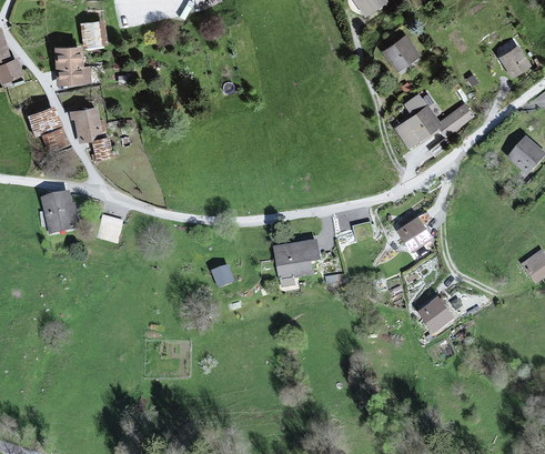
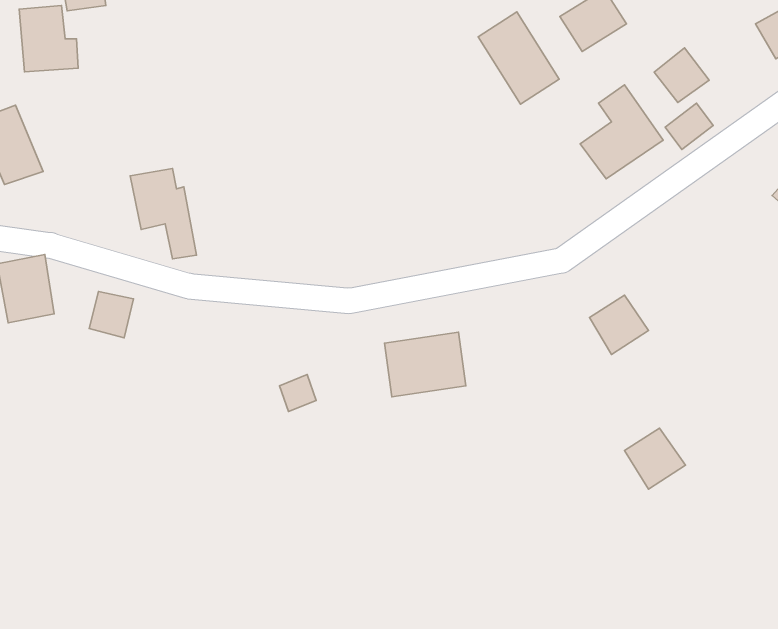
building: none -> [478,12,559,104]
building: none -> [654,48,709,102]
building: [72,105,112,160] -> [130,169,197,259]

